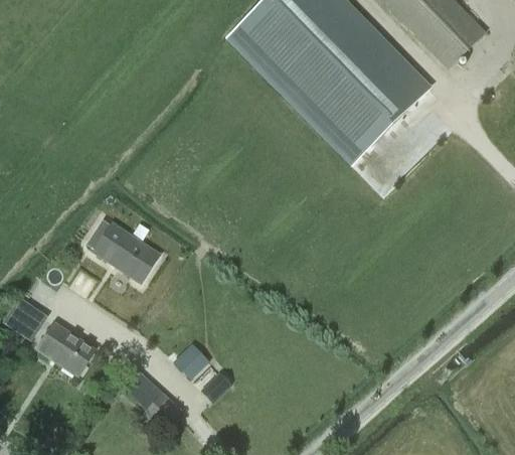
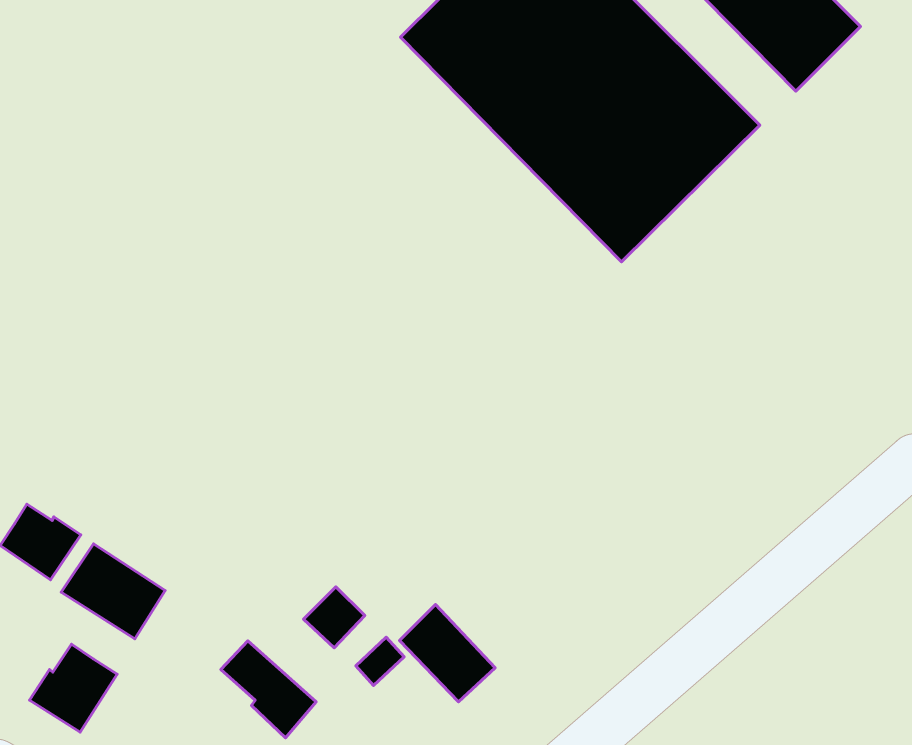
building: [85,217,161,283] -> none
building: none -> [399,605,495,702]
building: none -> [30,644,117,732]

